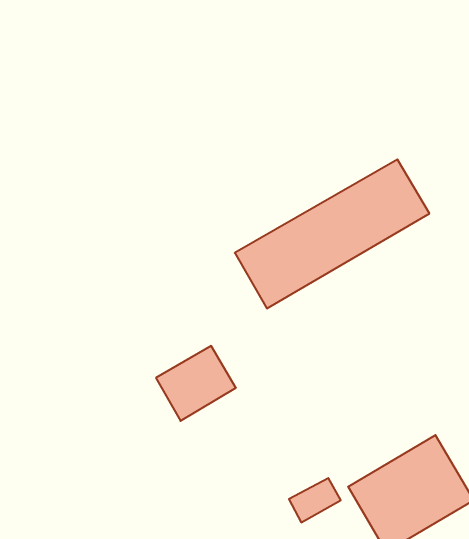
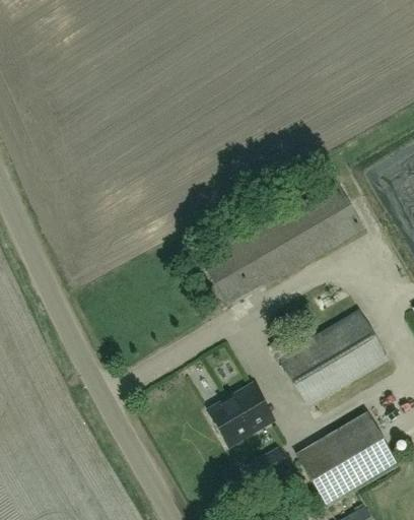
building: none -> [269,309,390,407]
building: [156,346,236,421] -> [209,383,275,445]

